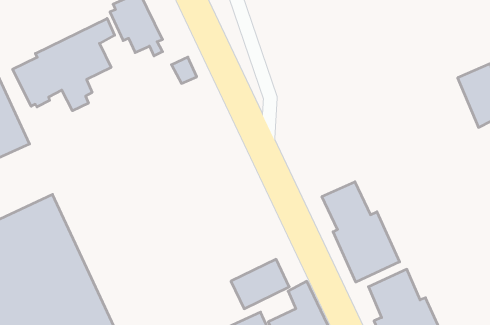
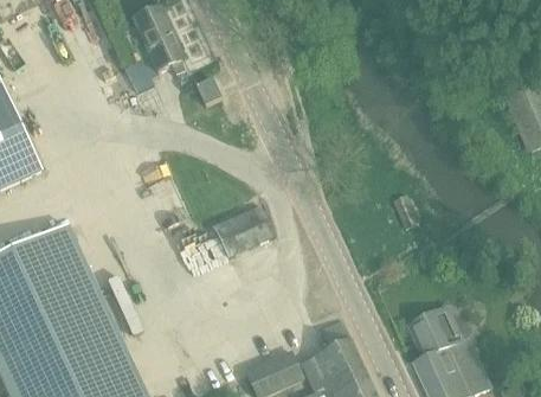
building: [13,18,115,111] -> none
building: [322,182,400,282] -> none
building: [231,259,289,309] -> [212,204,275,257]

